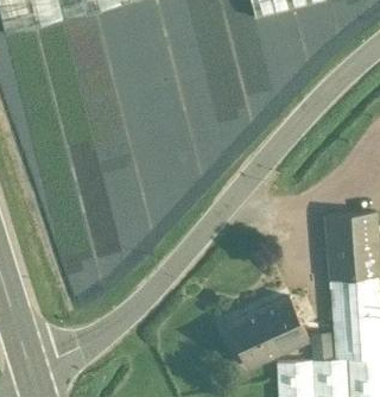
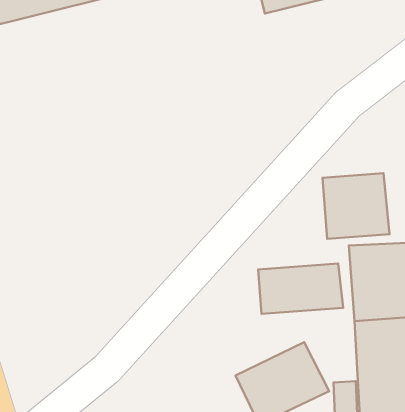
building: none -> [322,173,389,239]
building: none -> [258,264,343,314]

